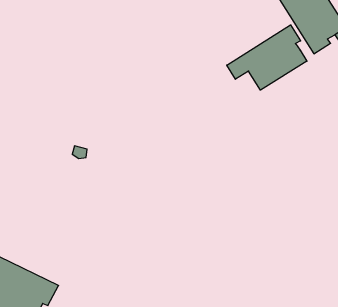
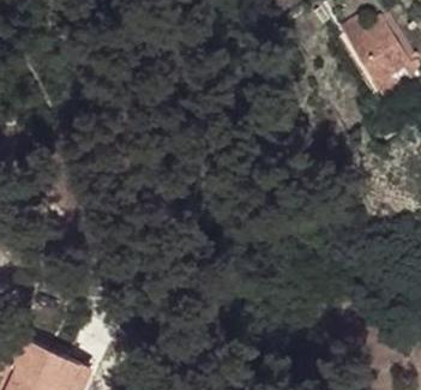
building: [227,25,307,90] -> none

